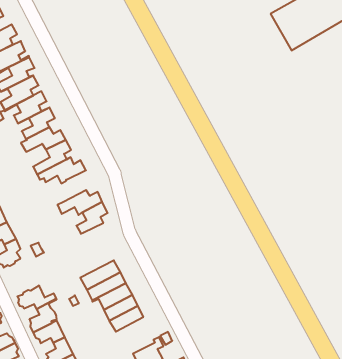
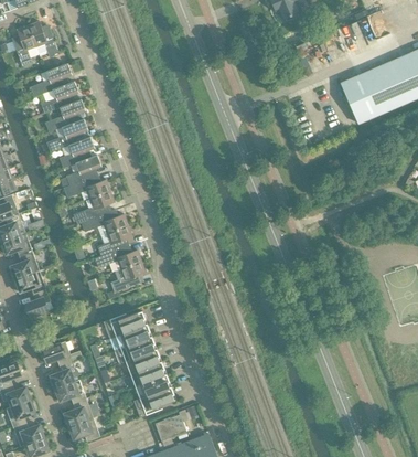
building: none -> [96,224,131,255]
building: none -> [103,310,146,337]
building: none -> [132,385,173,416]

